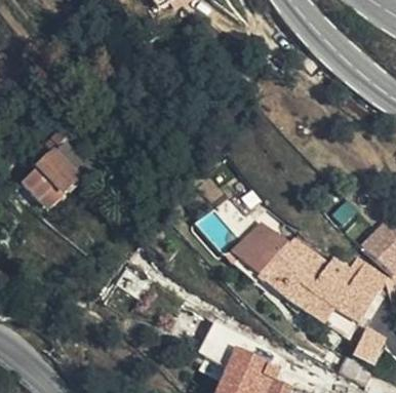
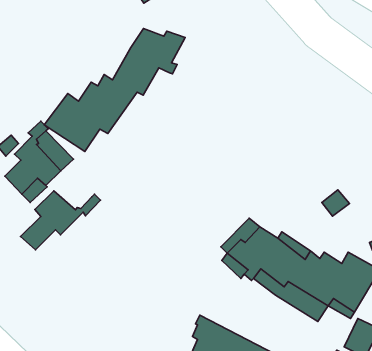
building: none -> [44,29,185,152]
building: none -> [21,191,100,250]

